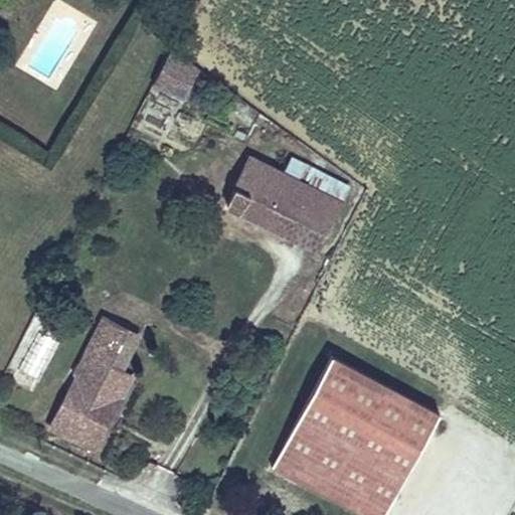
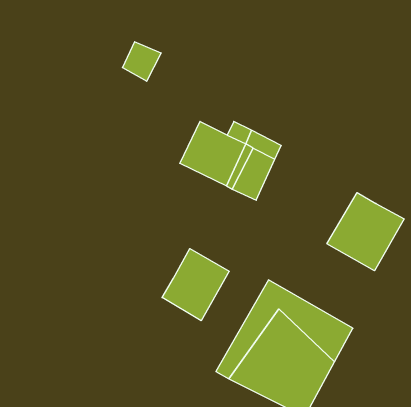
building: none -> [327,193,404,271]
building: [45,316,144,457] -> none
building: none -> [162,249,229,321]

